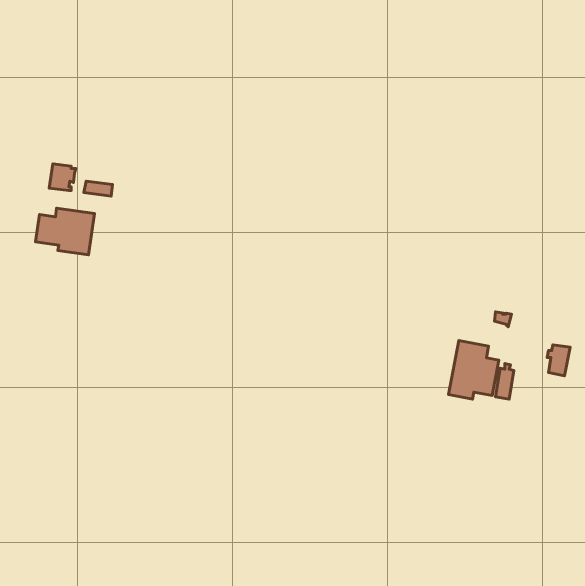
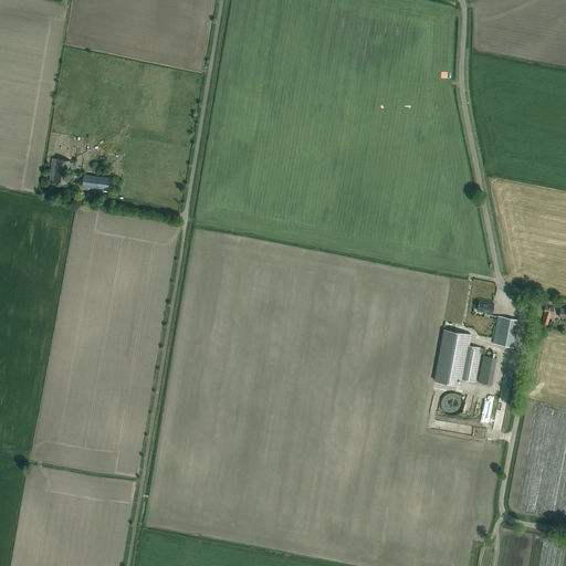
building: [36,208,94,255] -> none
building: [547,345,570,376] -> [495,317,517,347]

